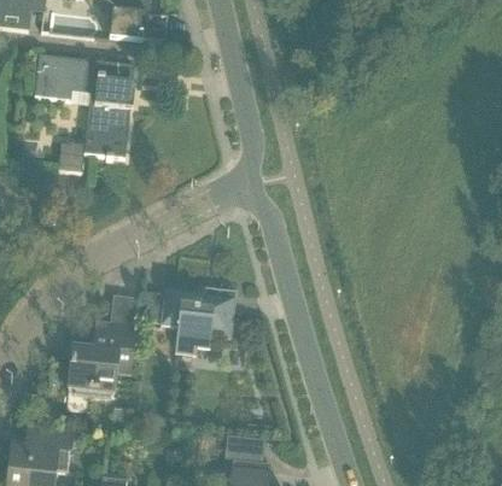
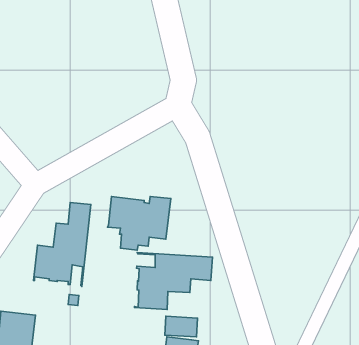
building: [34,54,133,171] -> none
building: none -> [134,252,213,309]

